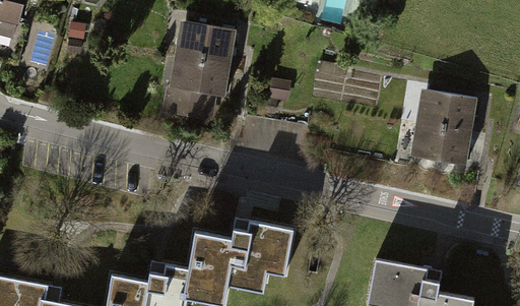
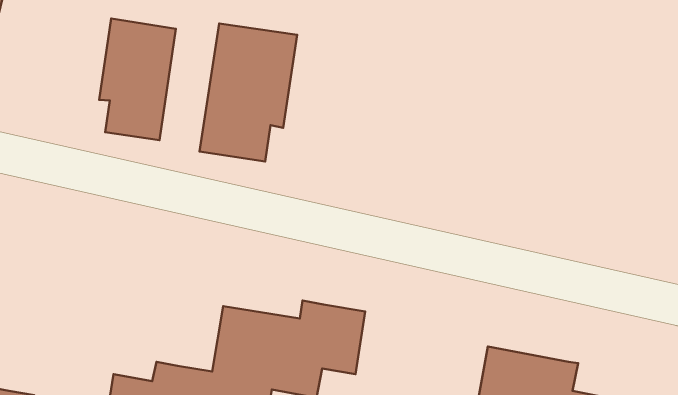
building: none -> [99,19,176,140]
building: [411,87,477,165] -> none

